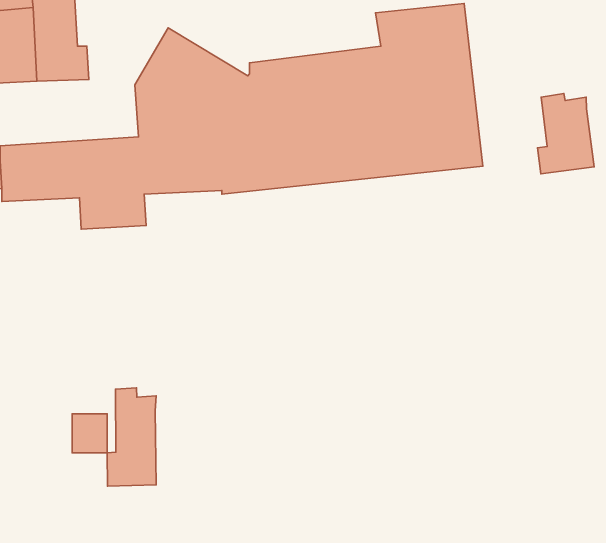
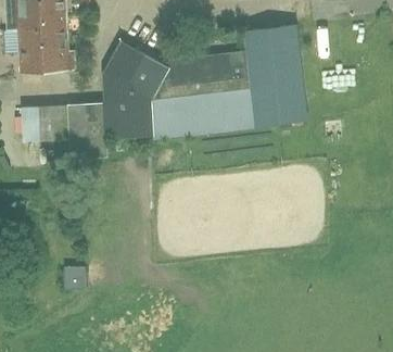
building: [538,93,594,174] -> none
building: [107,388,156,486] -> none

